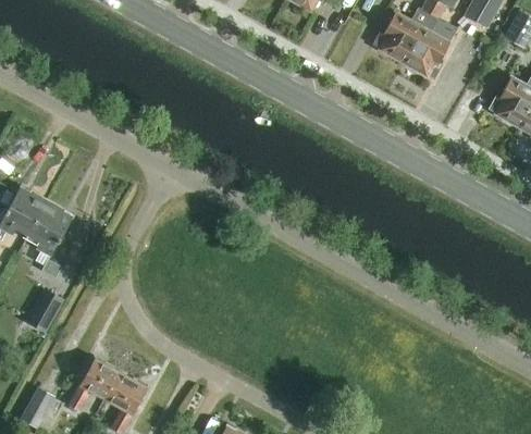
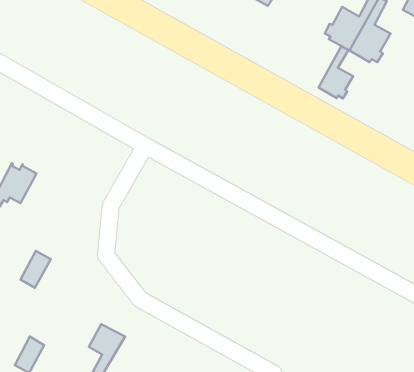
building: none -> [318,46,353,99]
building: [27,202,71,280] -> none
building: [67,359,120,411] -> none

